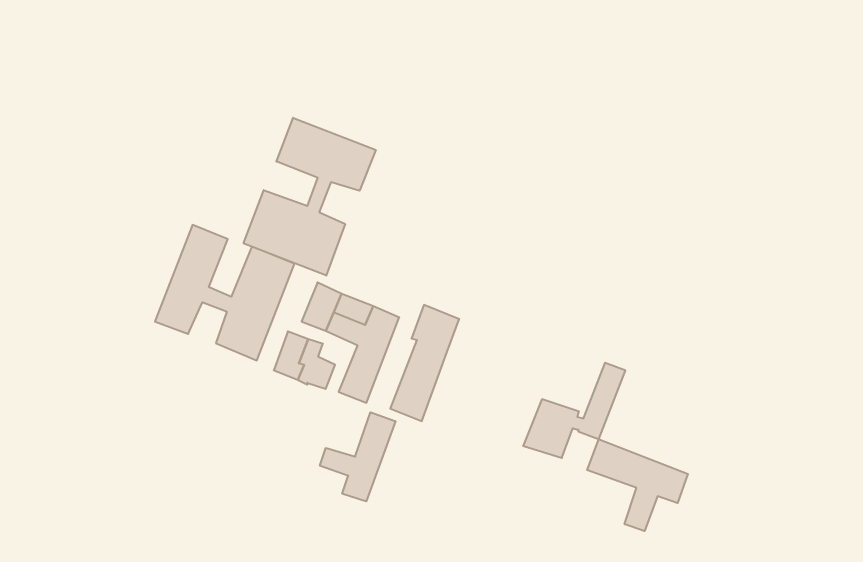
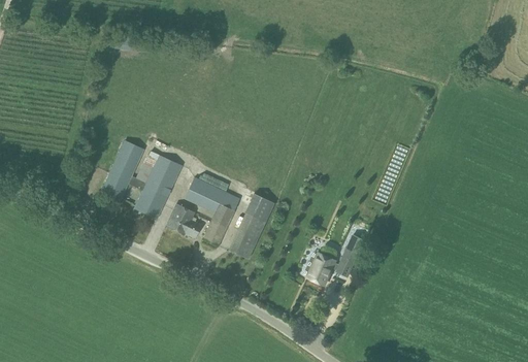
building: [244,118,376,276] -> none
building: [320,412,395,501] -> none
building: [587,439,688,531] -> none

